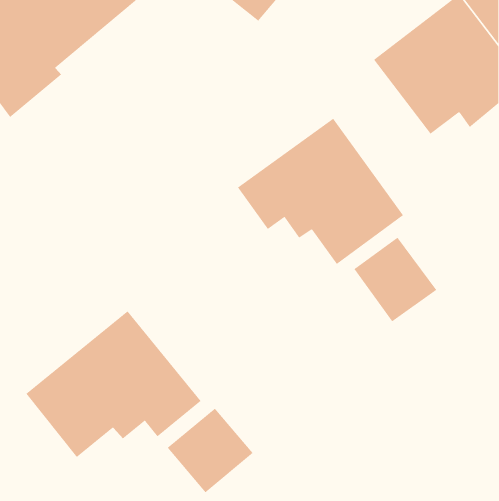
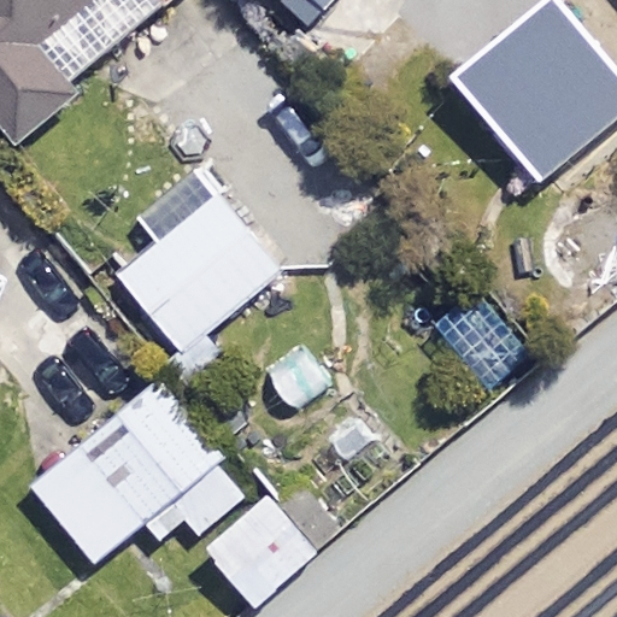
building: [237,118,404,265] -> none
building: none -> [98,171,277,388]

